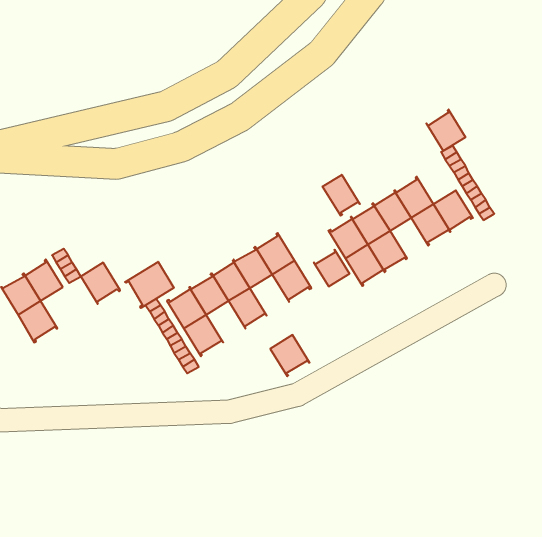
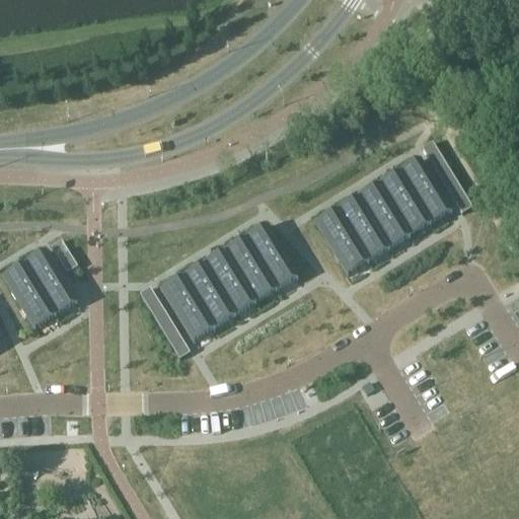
building: [426,109,466,151] -> [397,155,435,195]
building: [323,175,360,216] -> none
building: none -> [372,208,409,246]
building: [314,250,349,287] -> none
building: [125,262,174,308] -> none
building: [81,263,120,304] -> [39,274,76,313]
building: none -> [197,287,234,326]
building: [270,335,310,376] -> [238,262,276,301]

